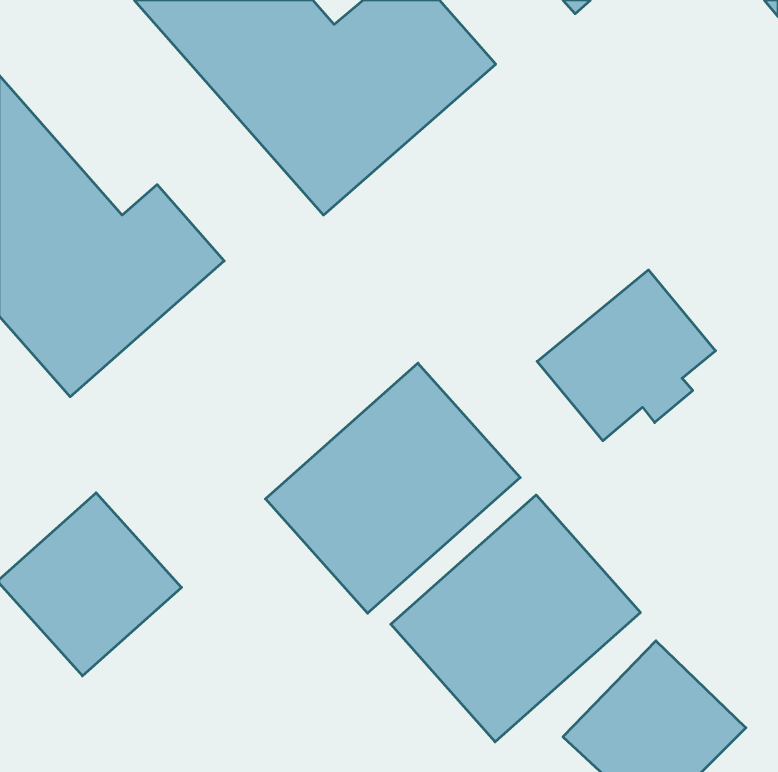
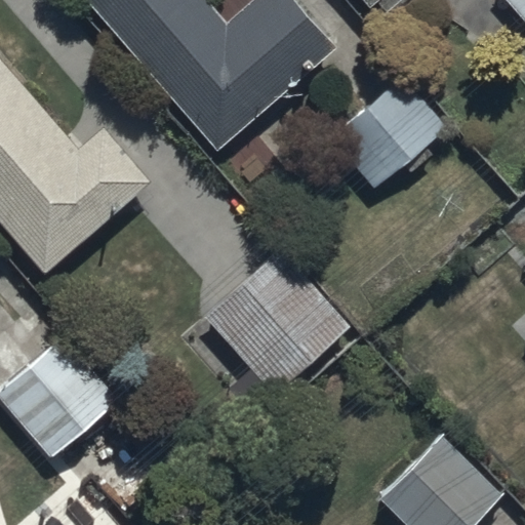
building: [537,270,716,441] -> [328,75,448,190]
building: [391,495,640,742] -> none

